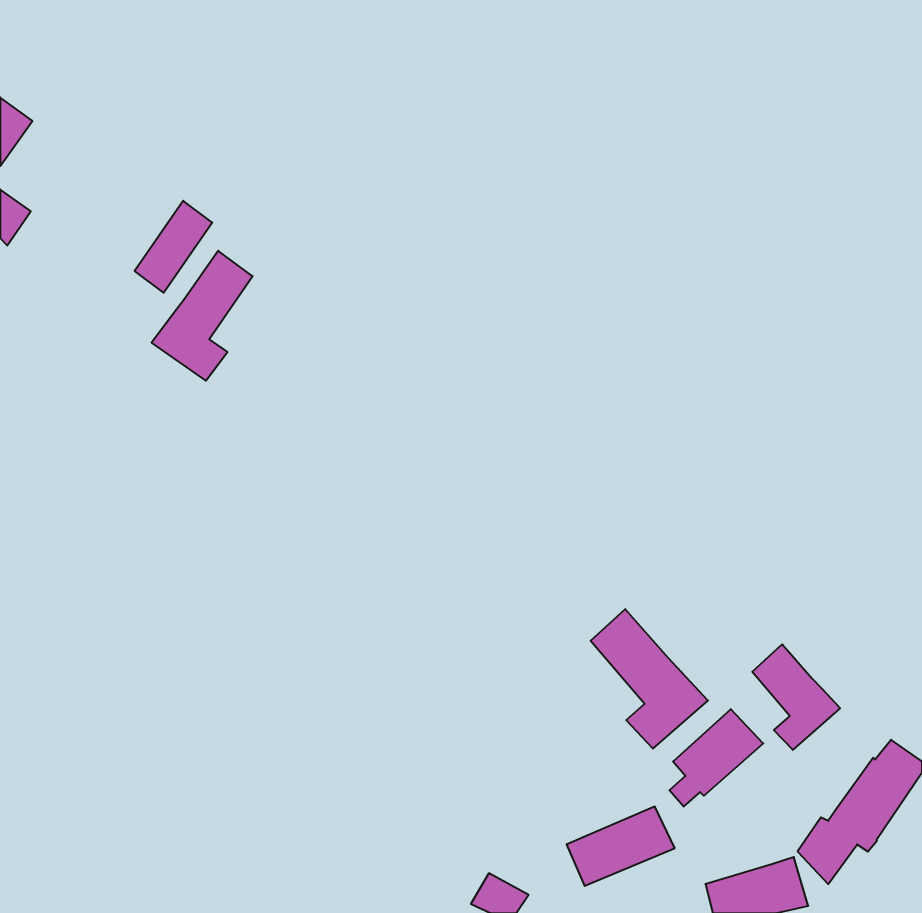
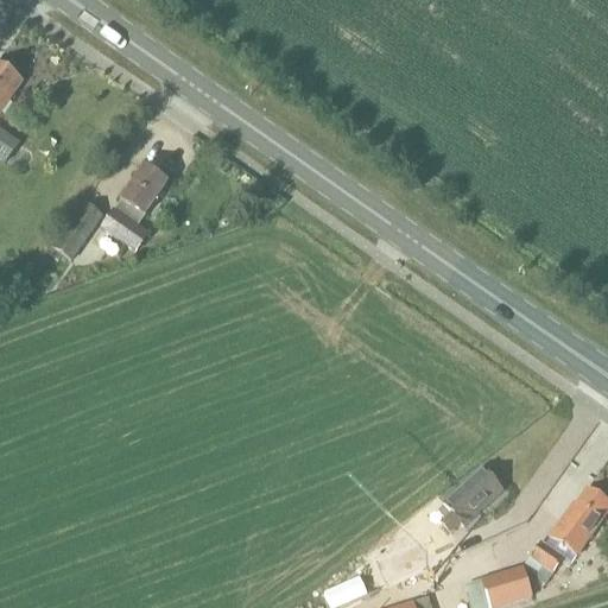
building: [135,201,212,293] -> [52,200,103,260]
building: [591,609,708,749] -> none
building: [752,644,840,750] -> none

